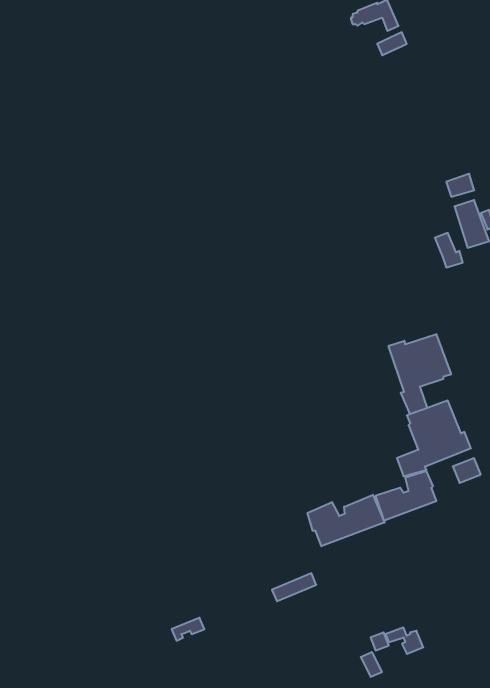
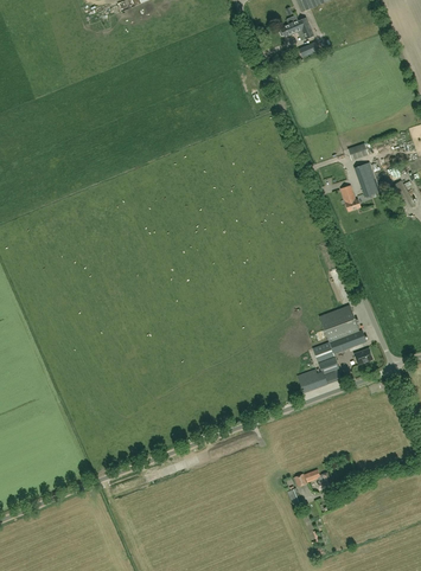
building: [389,334,451,414] -> none
building: [307,495,385,546] -> none

